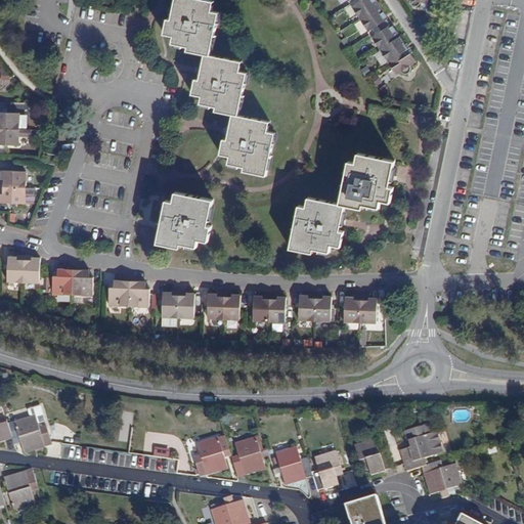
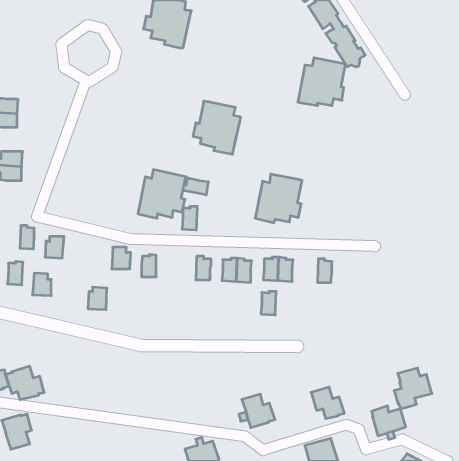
building: [191,54,245,116] -> none
building: [339,154,393,208] -> [298,58,346,106]
building: none -> [183,178,208,195]
building: [6,255,24,281] -> [8,261,23,285]
building: [71,268,92,294] -> [32,273,51,296]
building: [106,279,128,305] -> [88,287,107,310]
building: [177,290,193,315] -> none
building: [206,291,223,317] -> [182,206,197,230]
building: [344,294,361,320] -> [261,291,276,315]
building: [399,425,442,471] -> [394,368,432,409]
building: [192,437,226,477] -> none
building: [230,438,264,477] -> none
building: [311,451,342,490] -> none

